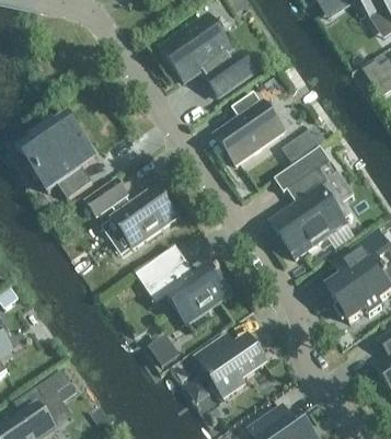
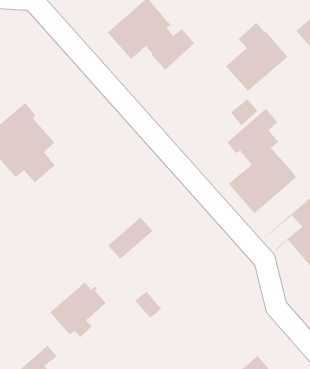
building: [216,90,284,162] -> [225,22,289,92]
building: [87,180,176,246] -> none
building: [168,265,229,324] -> [50,281,107,338]
building: [195,337,266,397] -> none

